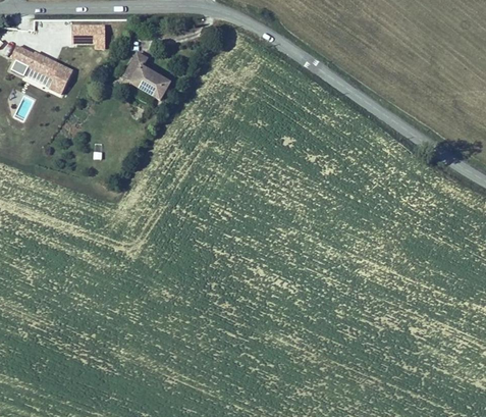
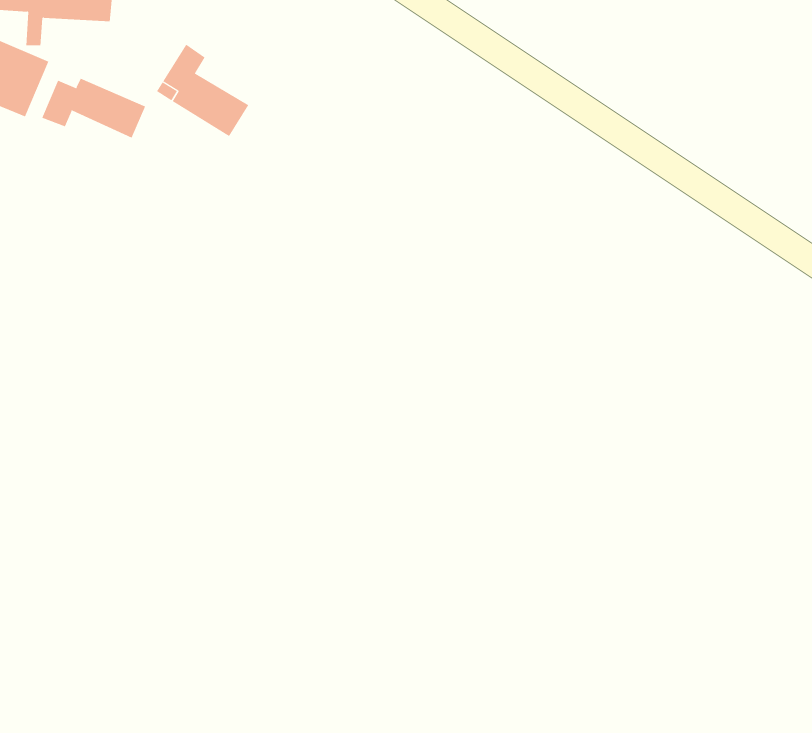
building: none -> [41,78,146,138]

